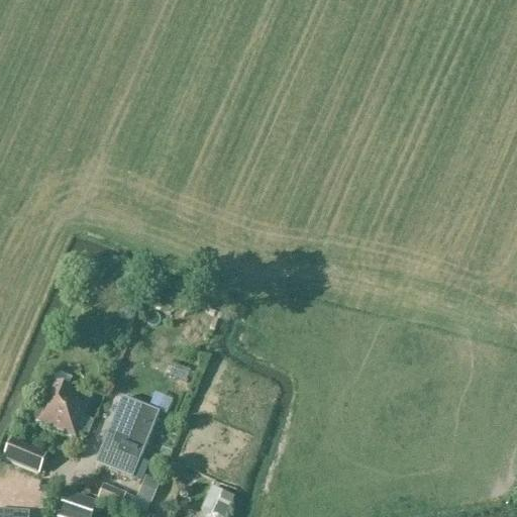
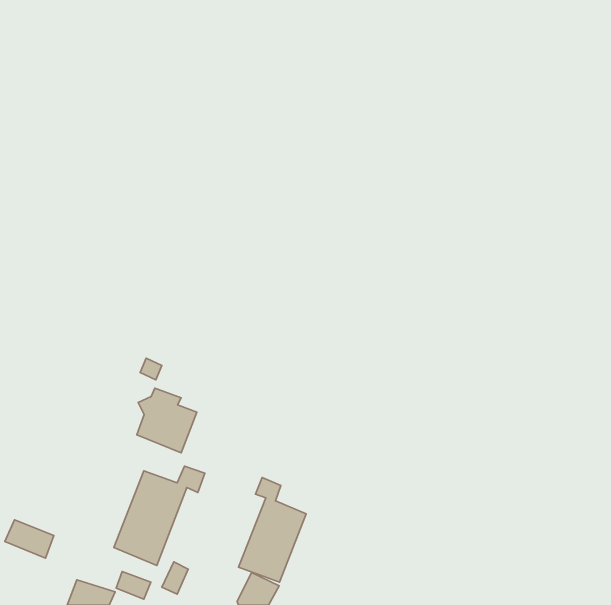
building: [38,380,89,434] -> [137,388,197,453]
building: none -> [238,477,306,582]

